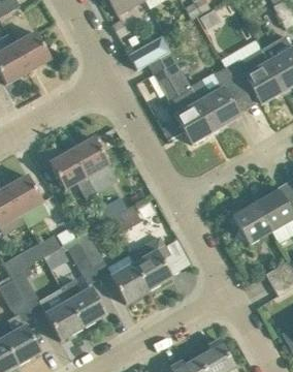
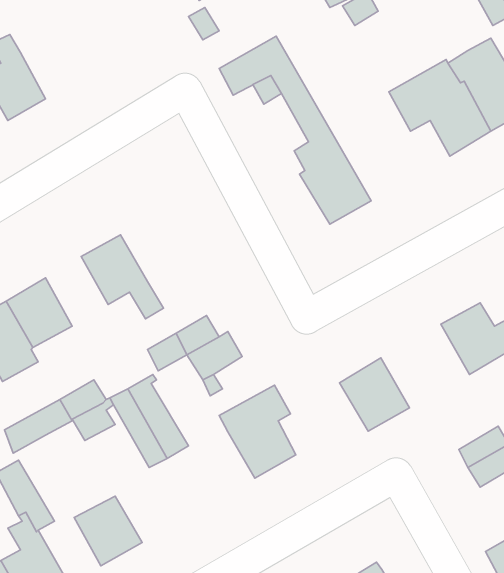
building: [13,32,51,71] -> none
building: [191,67,239,130] -> none
building: [71,137,109,177] -> none
building: [232,202,272,244] -> [340,358,409,431]
building: [110,264,149,303] -> none
building: [10,266,43,315] -> none
building: [60,279,106,328] -> none

